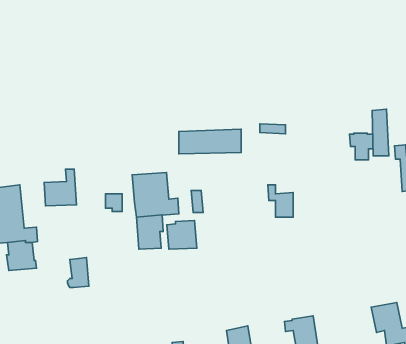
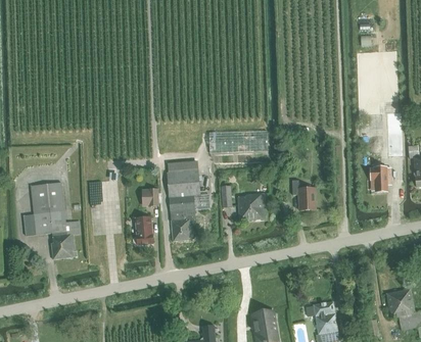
building: [349,133,373,160] -> [370,166,391,191]
building: [167,220,197,249] -> [237,194,265,221]
building: [68,257,89,287] -> [133,216,152,244]

